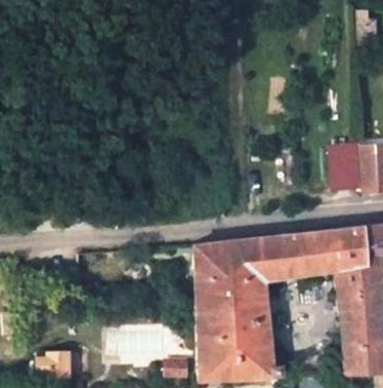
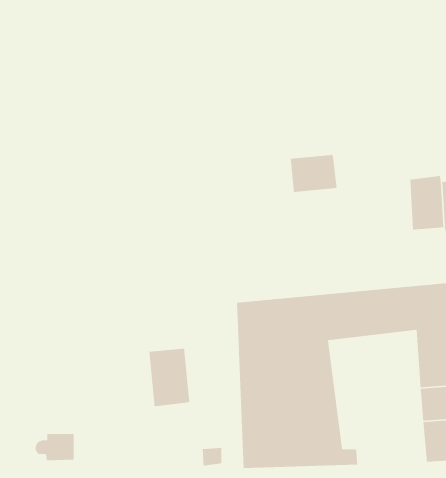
building: none -> [290,154,337,193]
building: none -> [149,348,190,407]

